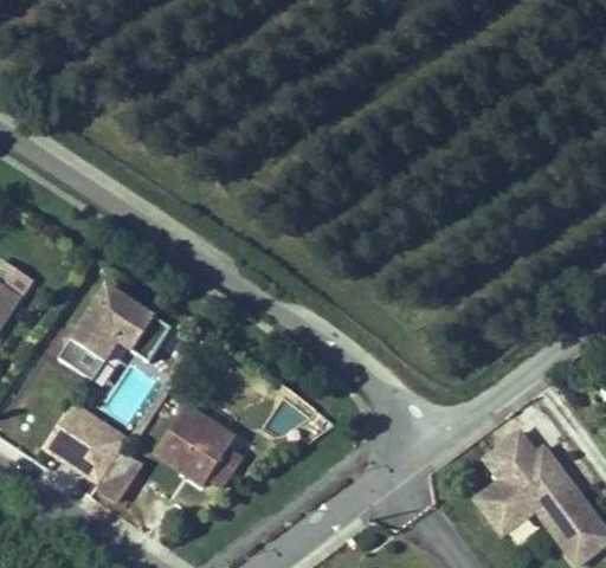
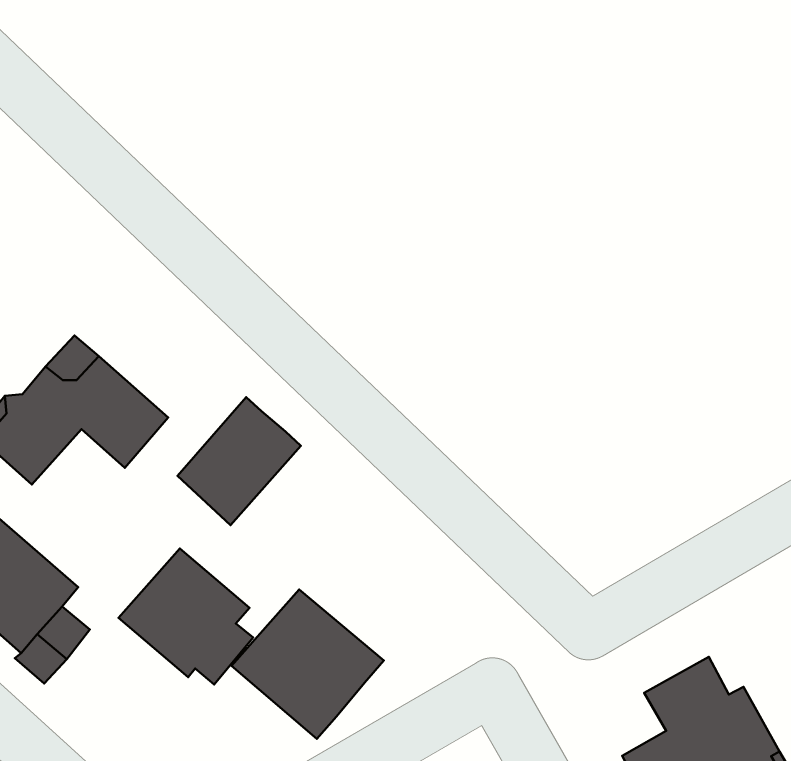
building: none -> [178,397,301,525]
building: none -> [232,590,384,739]

